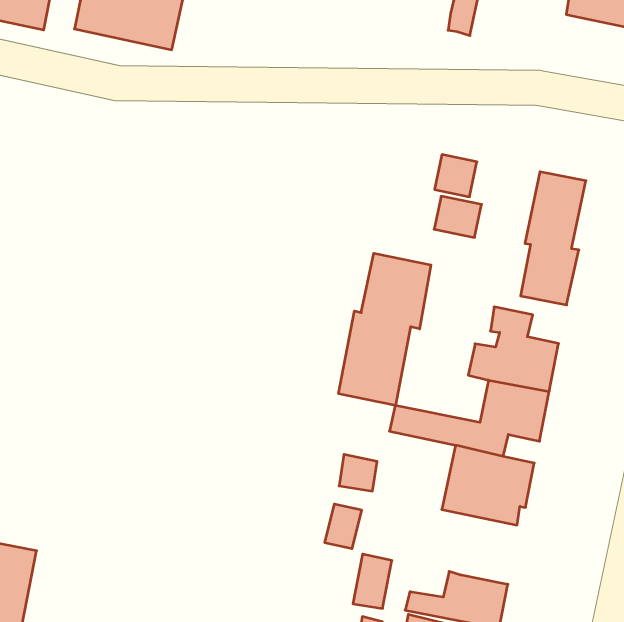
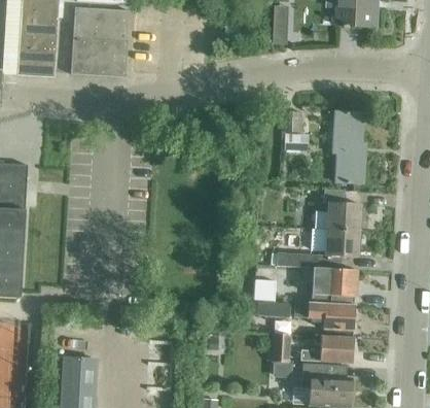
building: [339,253,431,405] -> none
building: none -> [293,302,355,338]

